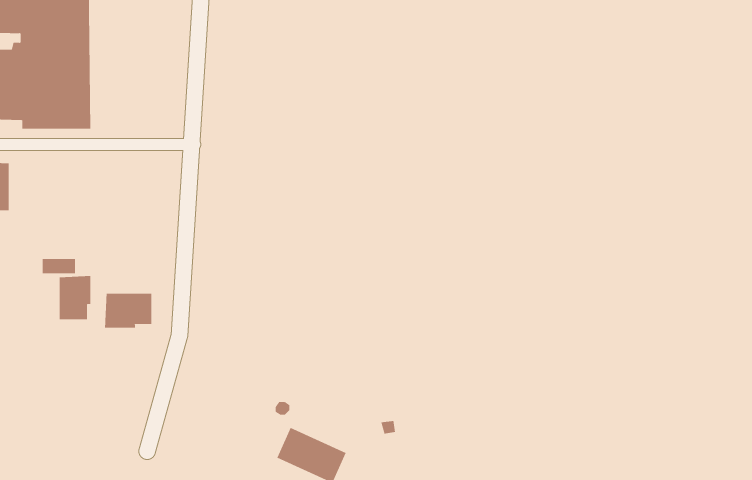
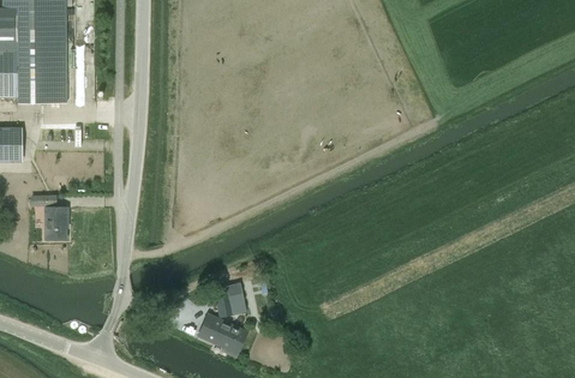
building: [104,293,152,329] -> none
building: none -> [214,280,246,317]

